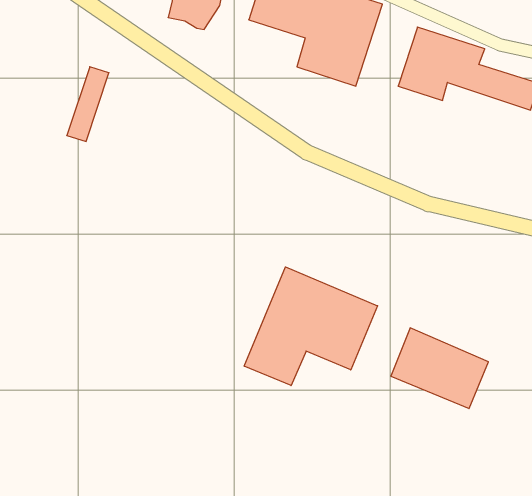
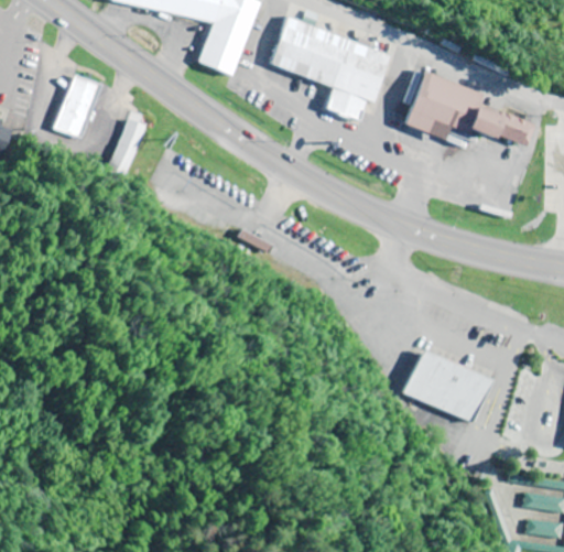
building: none -> [50,74,99,139]
building: [244,267,378,386] -> none

